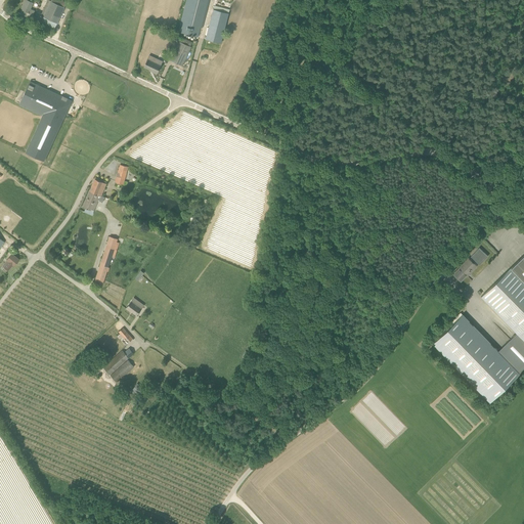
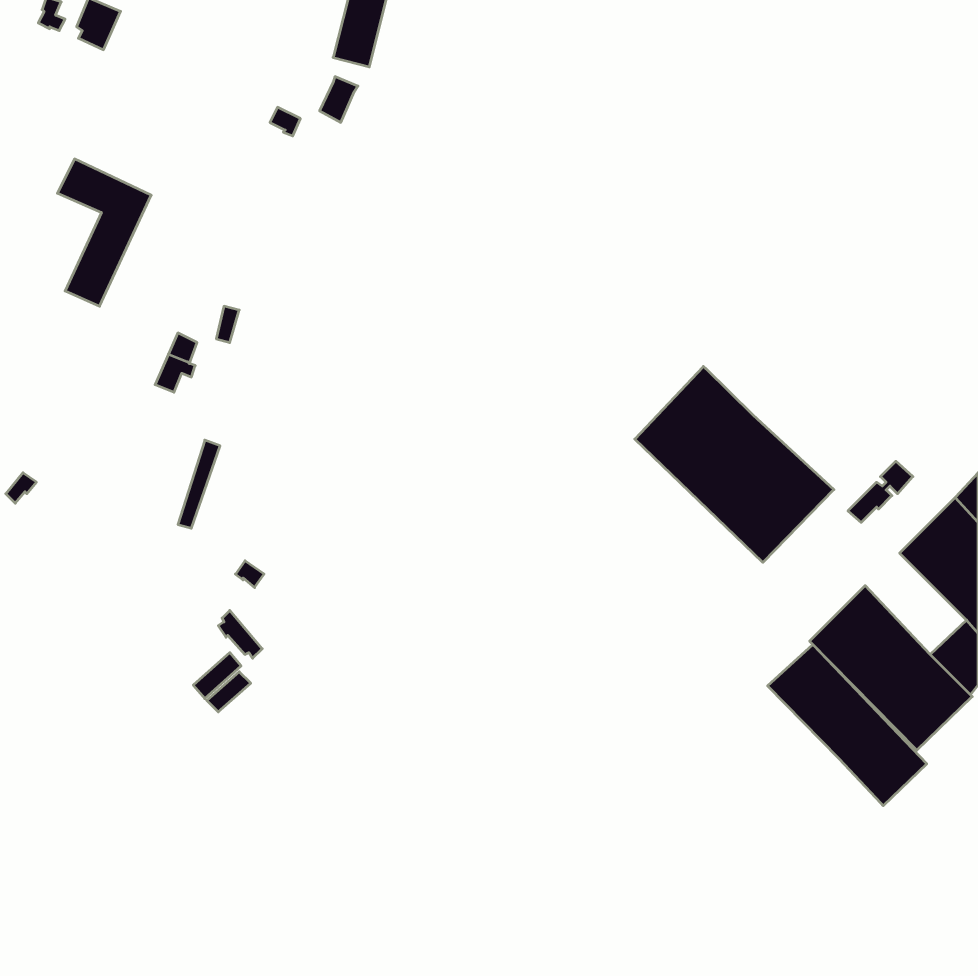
building: [206,8,228,42] -> none
building: none -> [635,366,834,562]
building: none -> [768,644,927,806]

